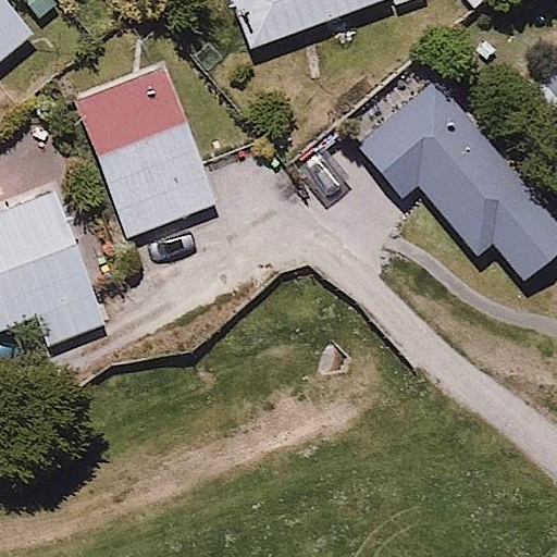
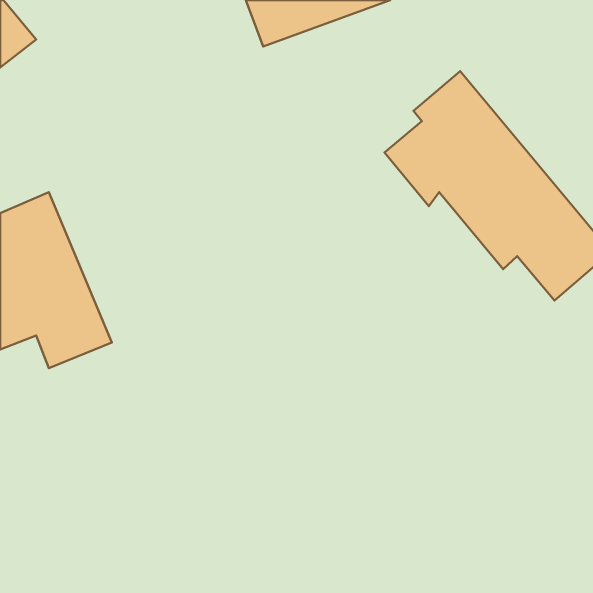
building: [64,61,222,248] -> none

